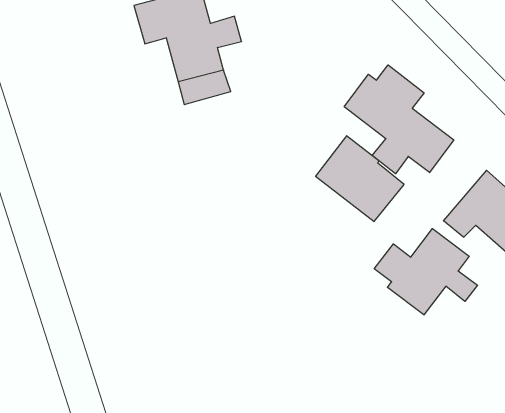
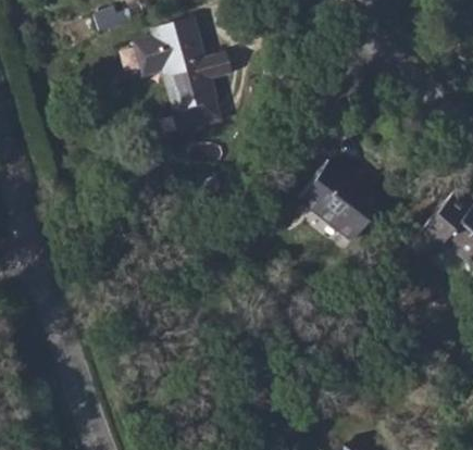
building: [344,65,454,174] -> none
building: [374,229,477,315] -> none

